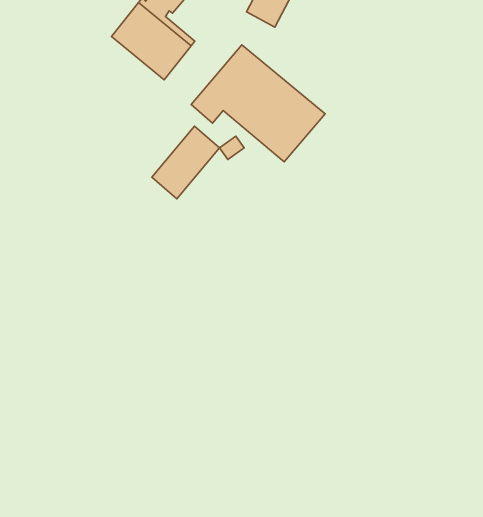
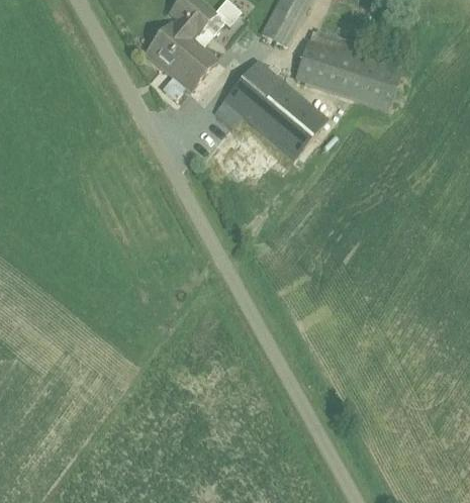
building: none -> [295,29,403,108]
building: [152,126,219,199] -> none

